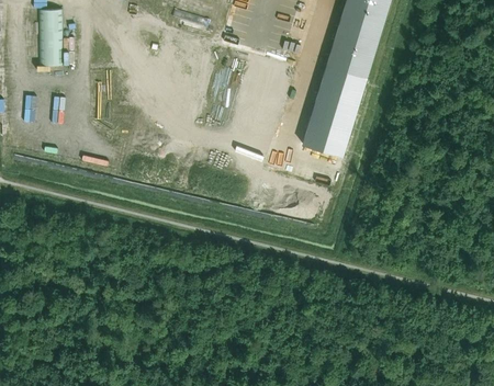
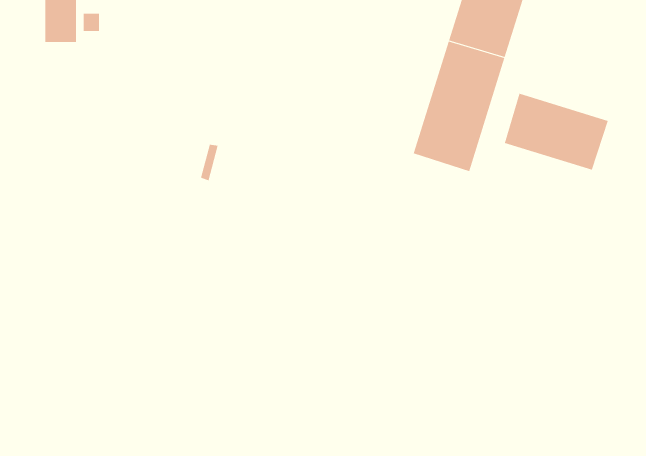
building: none -> [504,93,608,171]

